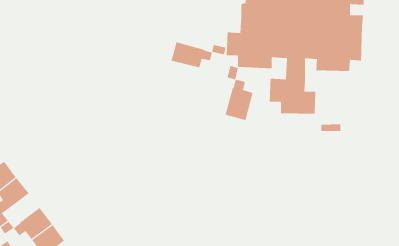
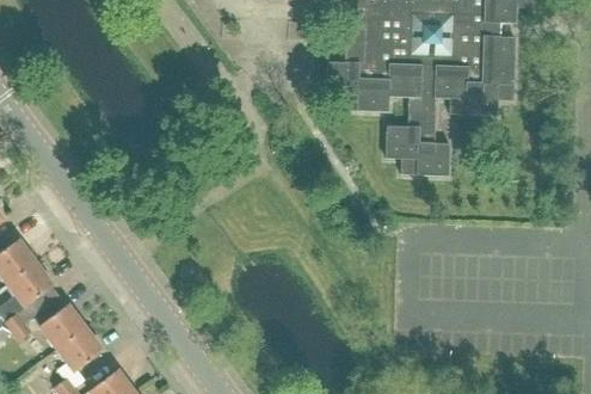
building: [171,42,226,68] -> none
building: [225,65,253,121] -> none

